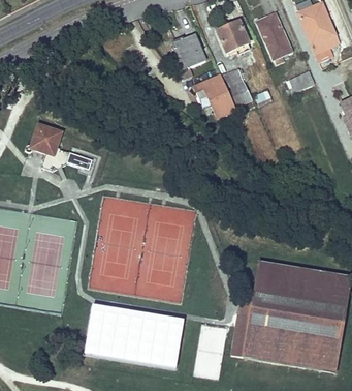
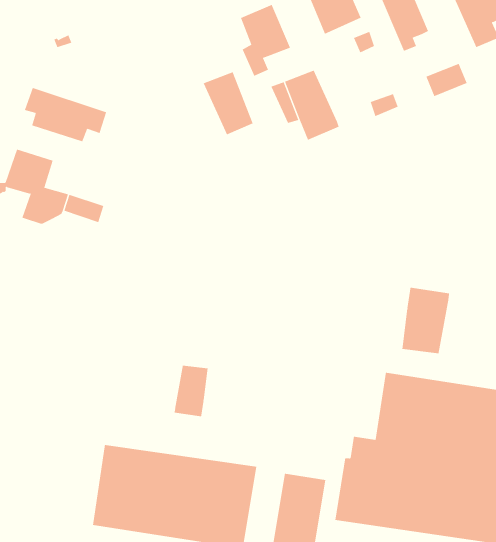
building: [220,67,251,107] -> [203,71,253,135]
building: none -> [24,87,107,142]
building: none -> [402,287,449,354]
building: none -> [174,365,208,417]

